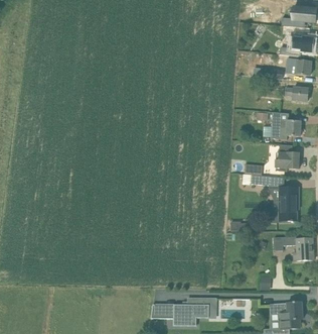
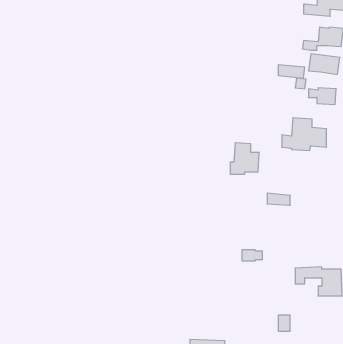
building: [276,143,300,170] -> [230,143,259,174]
building: [269,186,299,221] -> none

